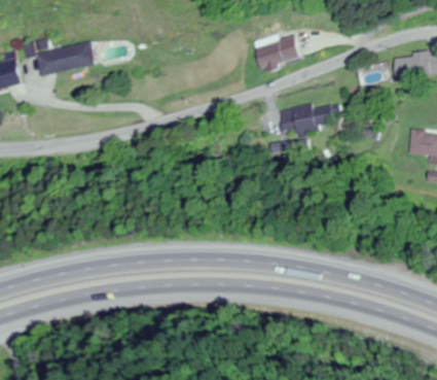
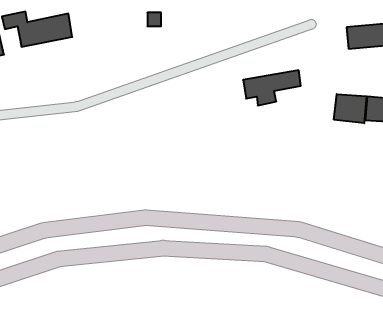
building: [253,34,302,71] -> none
building: none -> [334,94,366,123]

